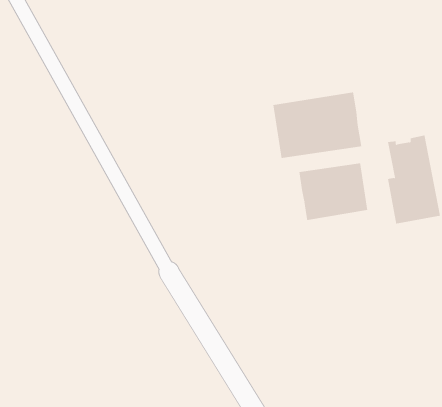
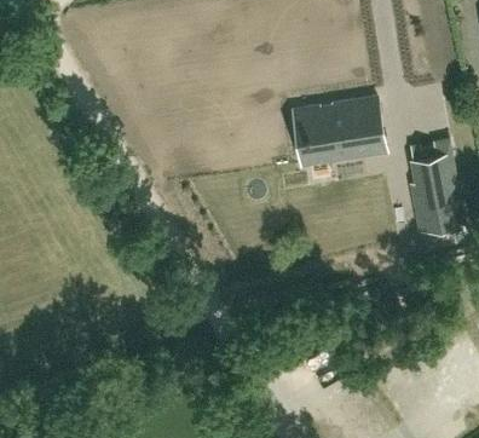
building: [299,162,368,221] -> none

